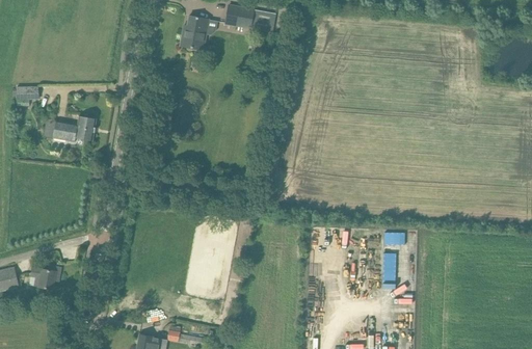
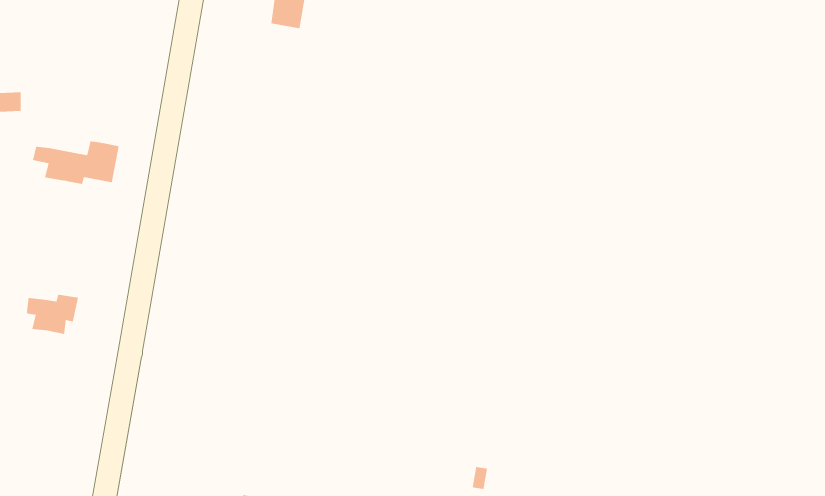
building: [30,266,61,290] -> [26,294,79,334]

